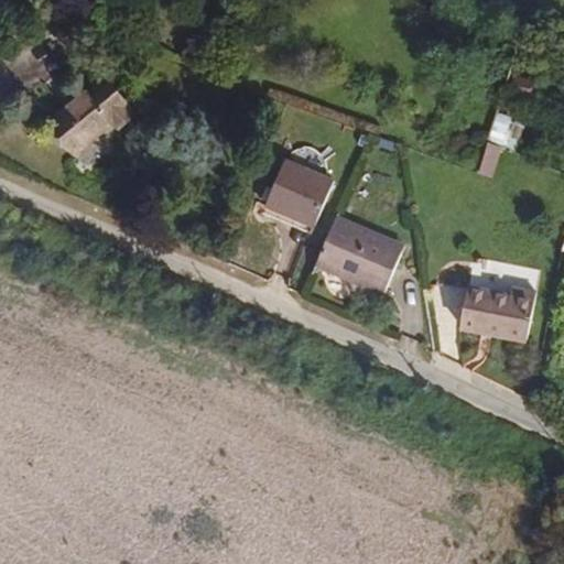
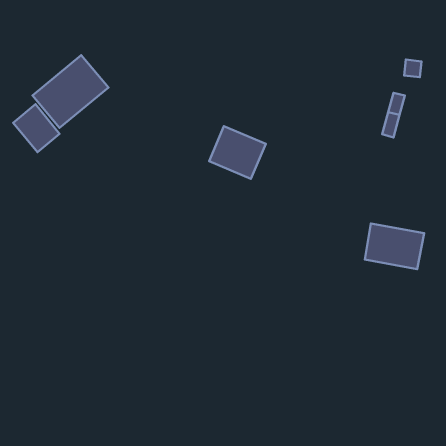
building: none -> [13,104,60,152]
building: [316,218,402,296] -> none

